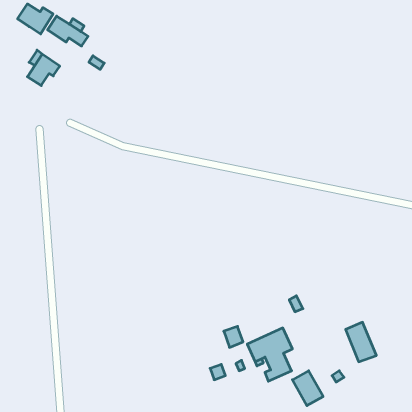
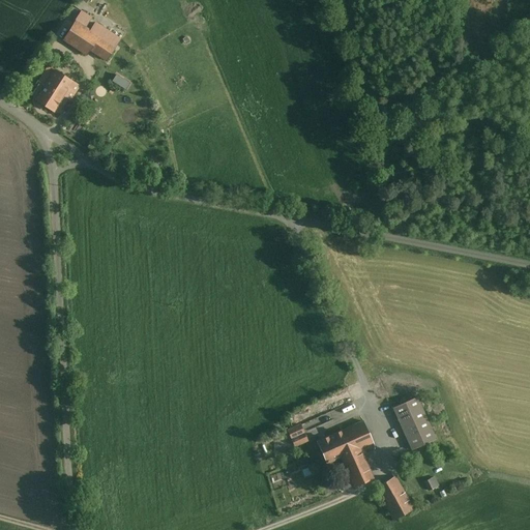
building: [18,4,53,34] -> none
building: [346,322,376,362] -> [393,398,433,448]

